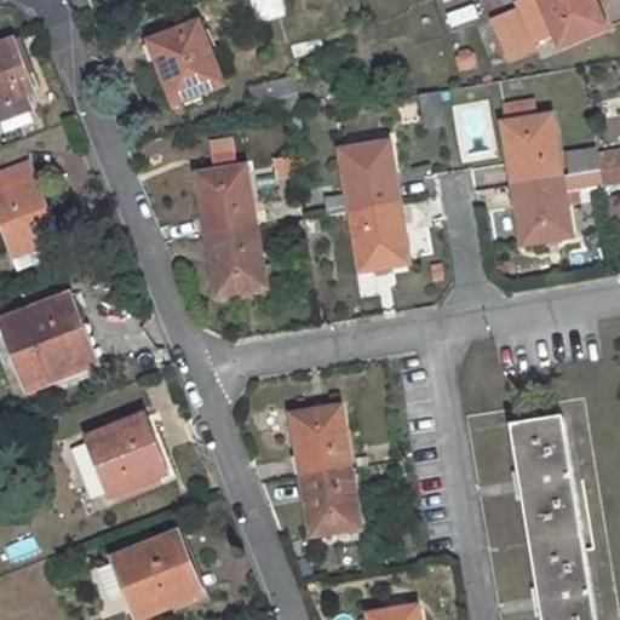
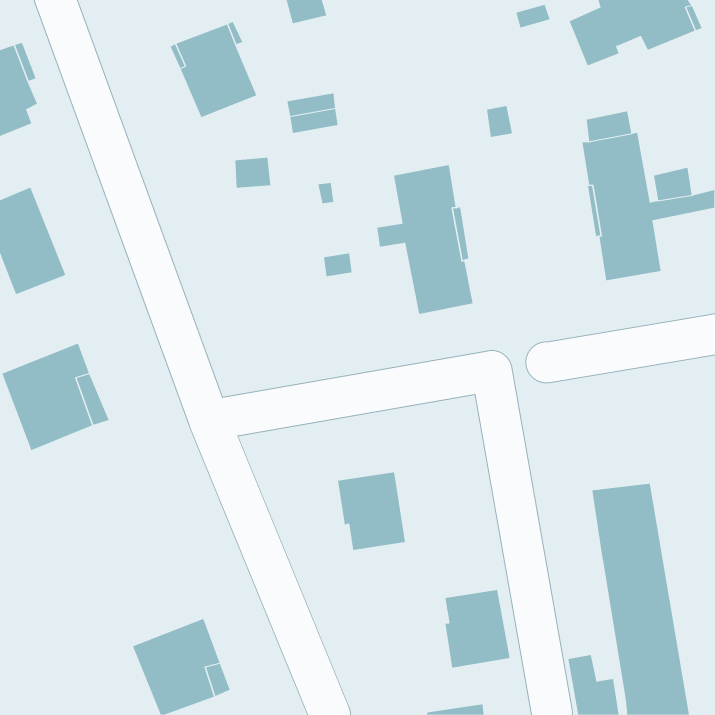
building: [196,163,265,293] -> none
building: [87,415,163,494] -> none
building: [304,467,361,535] -> [445,589,511,668]

